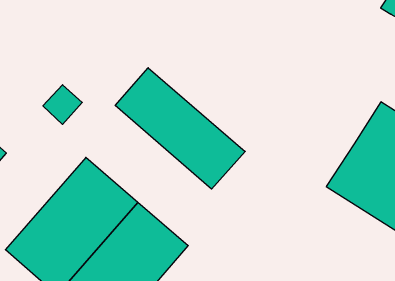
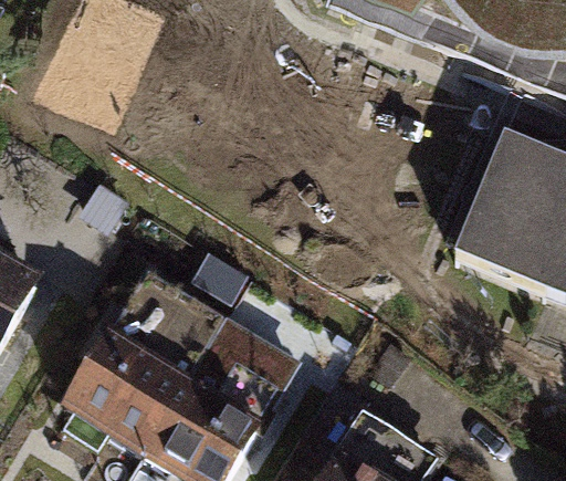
building: [115,68,245,189] -> none

